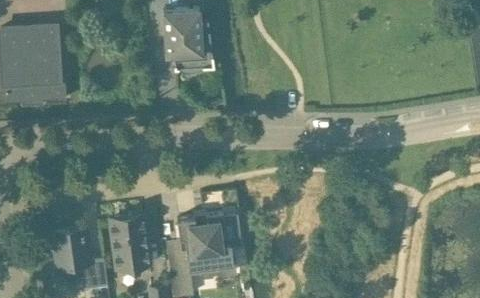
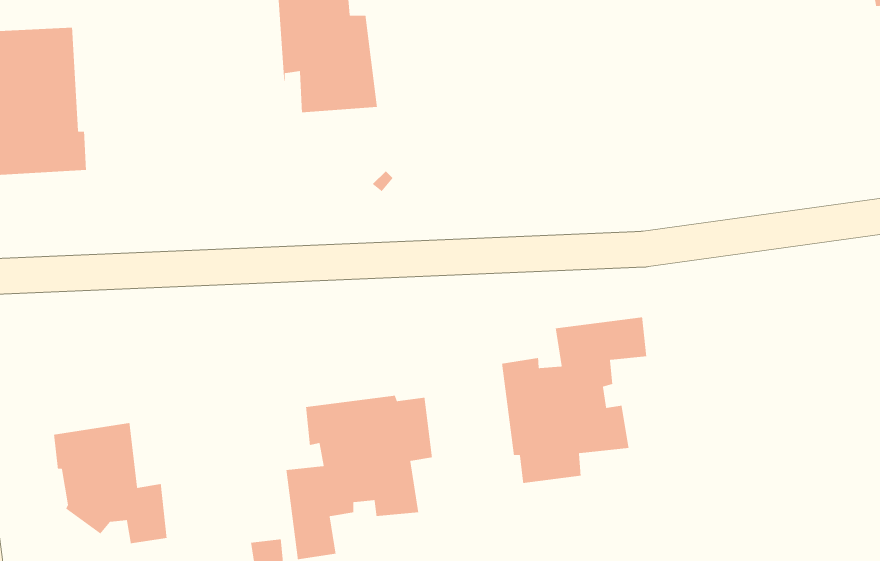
building: none -> [501,316,647,484]
building: [110,216,148,269] -> none

